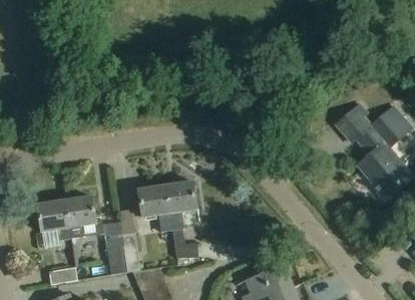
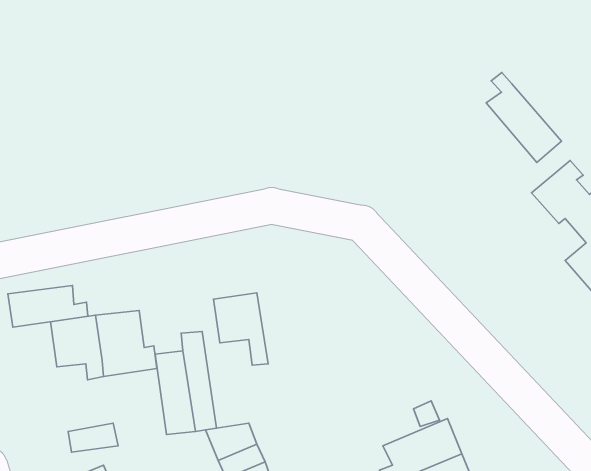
building: none -> [486,72,562,163]
building: none -> [8,286,88,327]
building: [165,182,197,258] -> none

